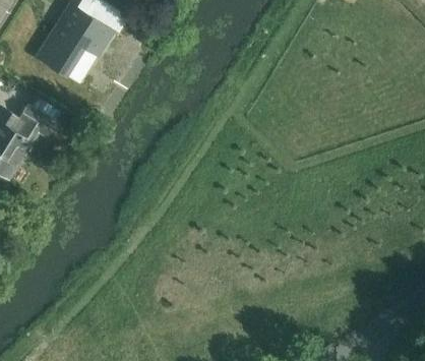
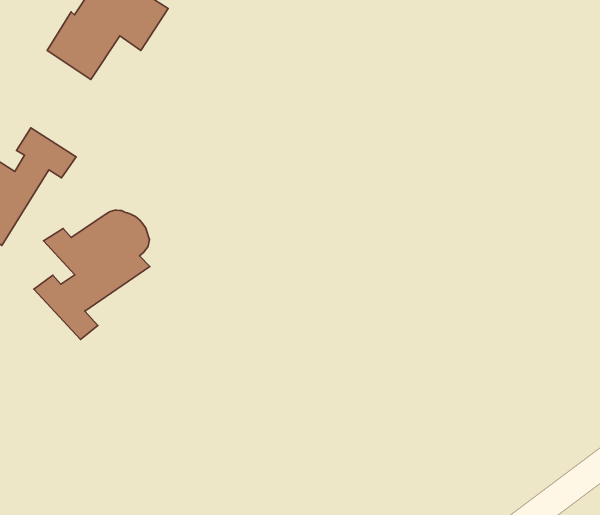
building: none -> [34,210,150,339]

